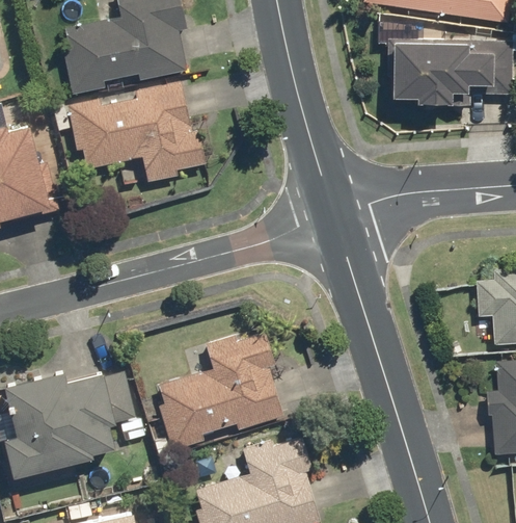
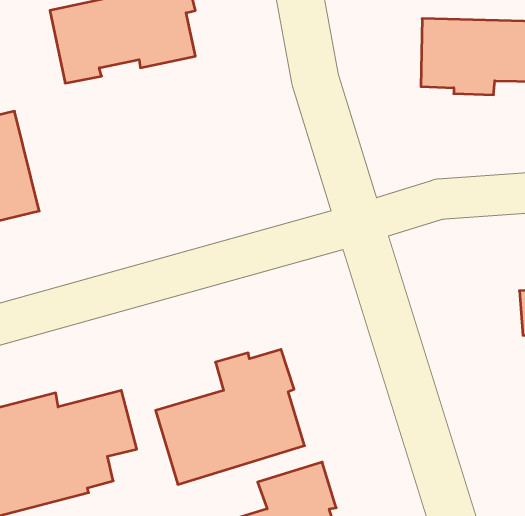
building: [65,80,208,182] -> none

